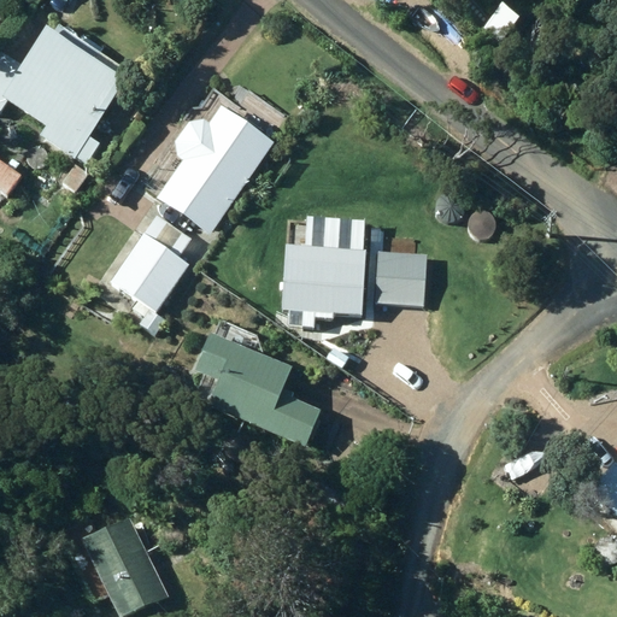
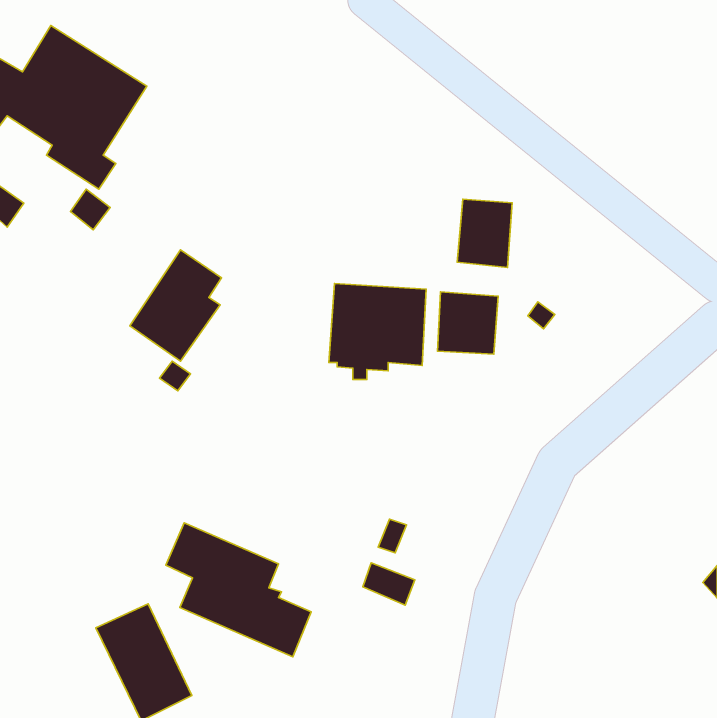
building: [155,98,274,236] -> none
building: none -> [457,199,512,268]
building: [195,333,319,447] -> [166,523,311,657]

